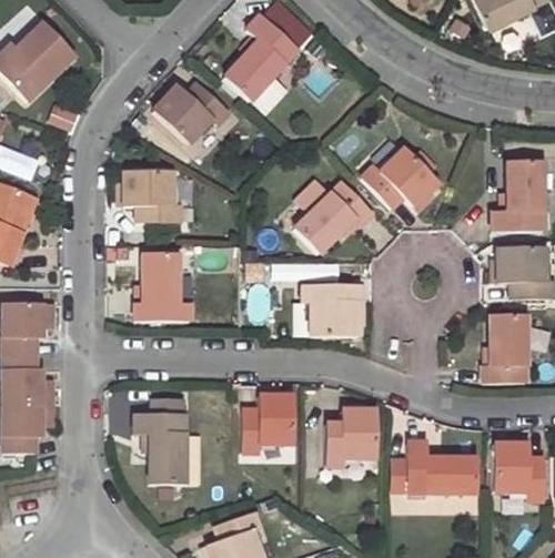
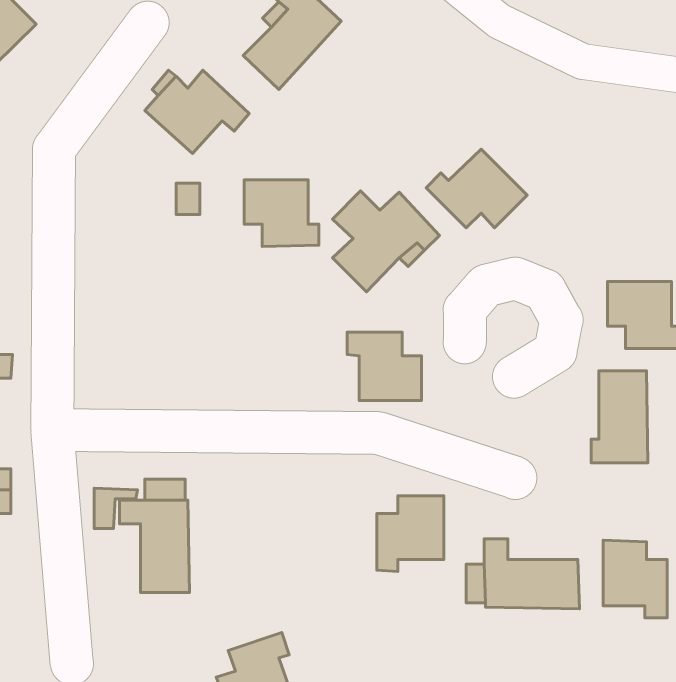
building: [494,161,544,231] -> none
building: [122,173,178,223] -> [244,180,319,247]
building: [134,253,178,321] -> none
building: [244,392,294,449] -> none

